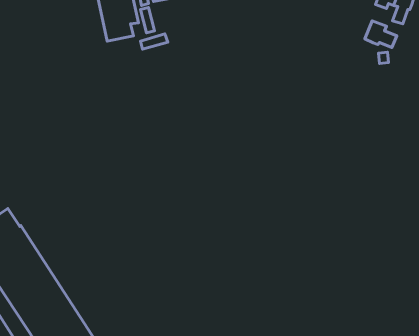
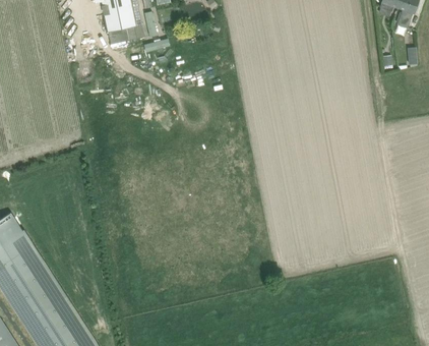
building: [365,21,397,48] -> none

